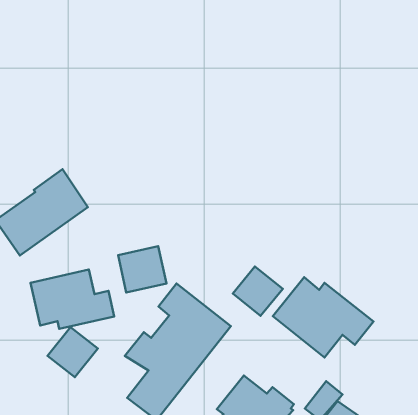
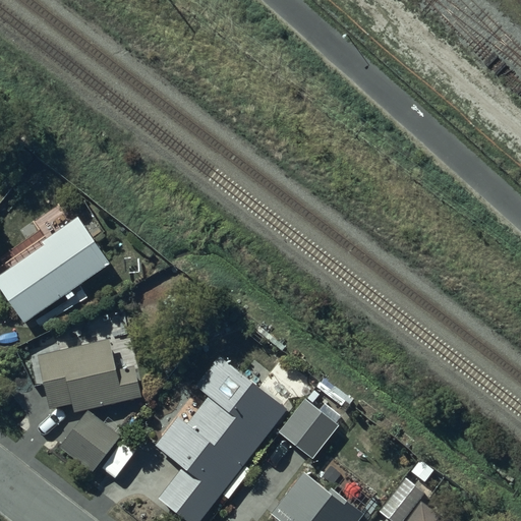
building: [118,246,166,293] -> none
building: [233,266,283,316] -> [276,400,338,461]
building: [273,277,373,357] -> none

